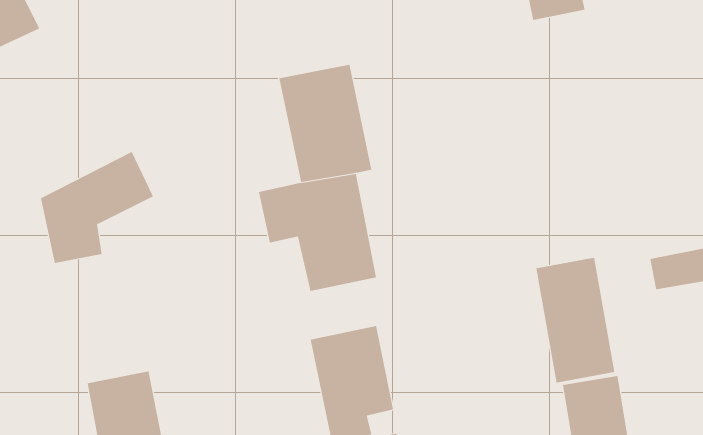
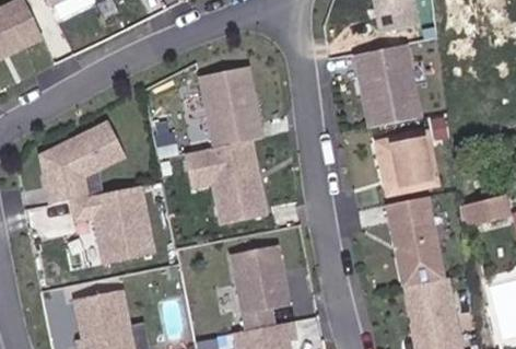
building: none -> [357,46,421,126]
building: none -> [379,128,446,197]
building: none -> [69,186,151,263]

